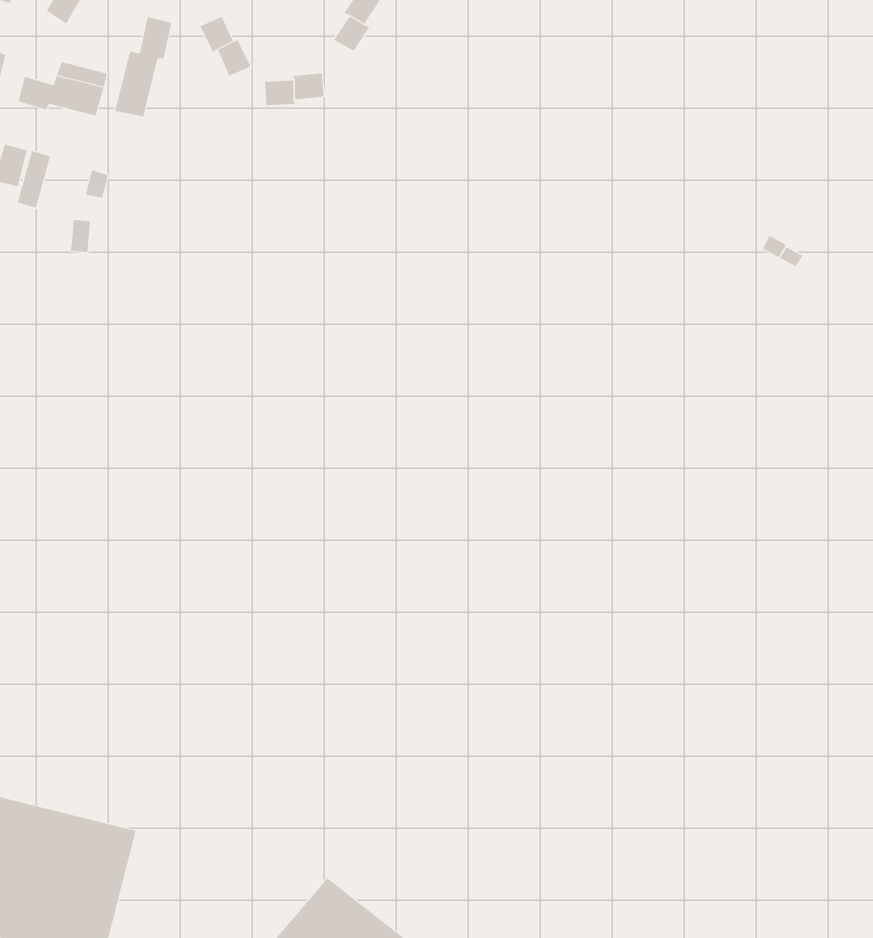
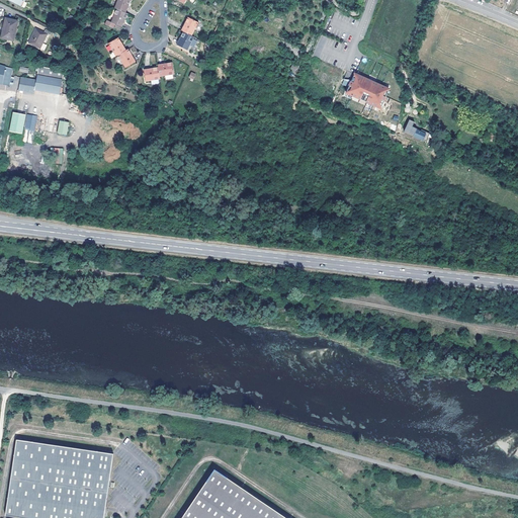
building: [115,16,172,117] -> none
building: none -> [347,74,390,108]

